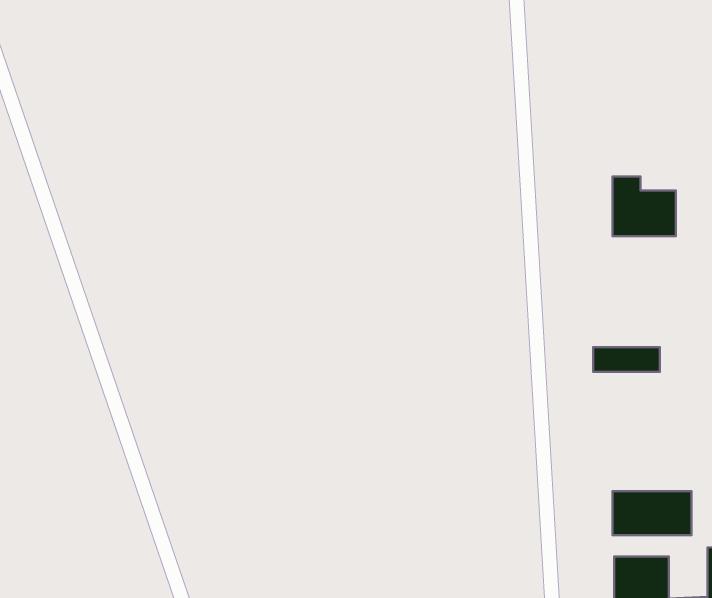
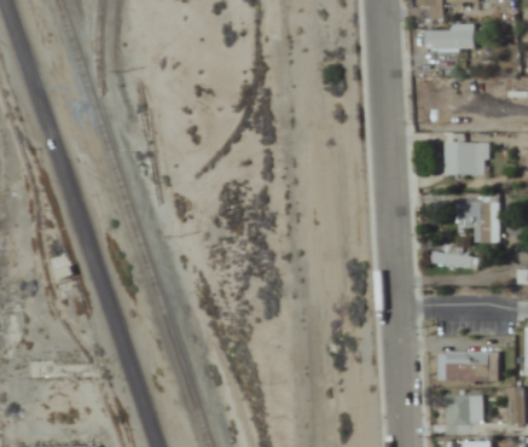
building: none -> [430,25,480,50]
building: none -> [460,196,505,244]

